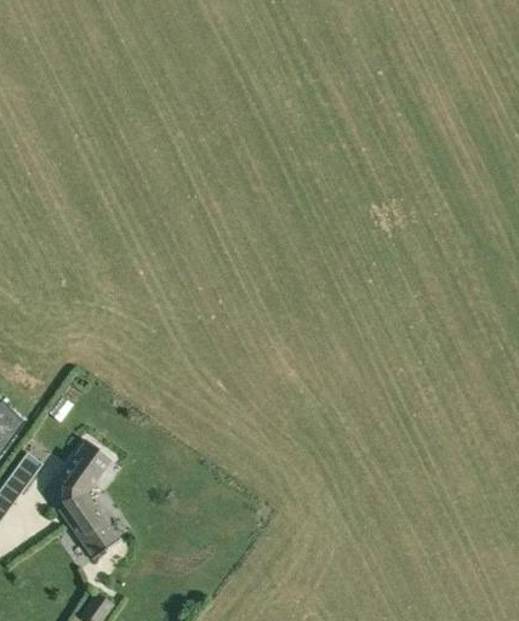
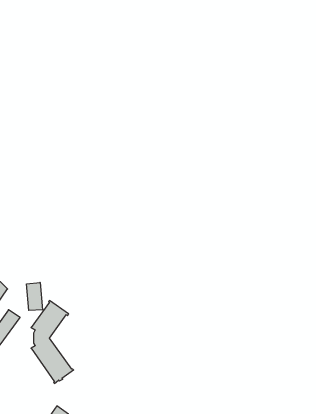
building: none -> [27,282,43,310]

